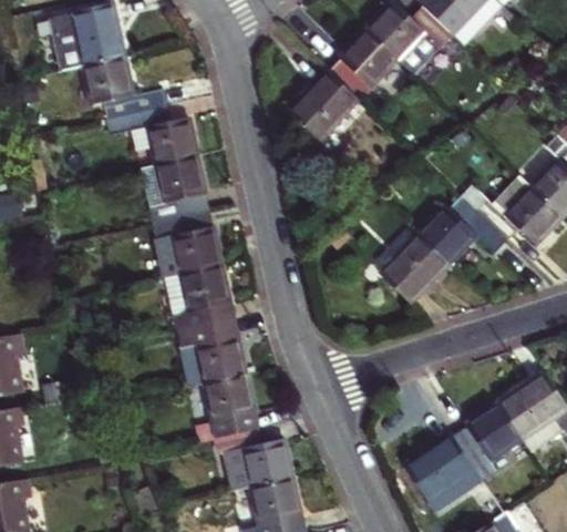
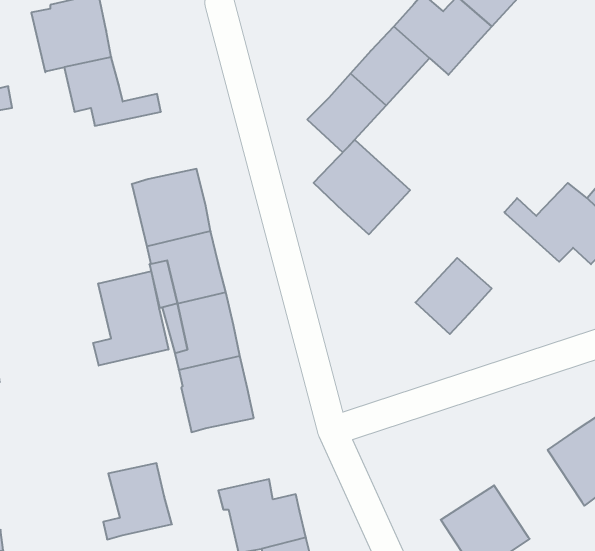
building: [107,106,196,165] -> none
building: none -> [314,140,410,234]
building: [423,195,512,260] -> none
building: none -> [93,271,168,366]
building: [199,374,259,440] -> [103,463,172,539]
building: [455,401,532,478] -> none

